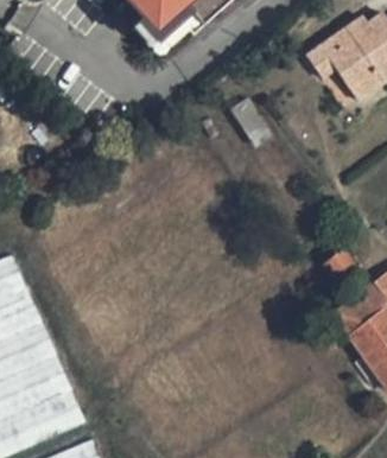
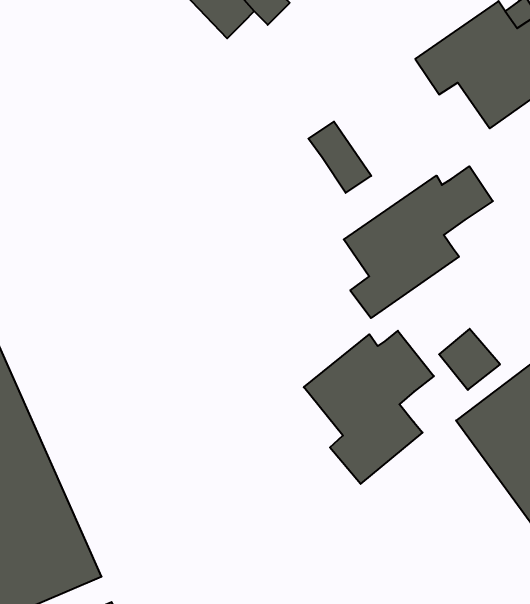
building: none -> [344,166,493,318]
building: none -> [304,331,434,484]

